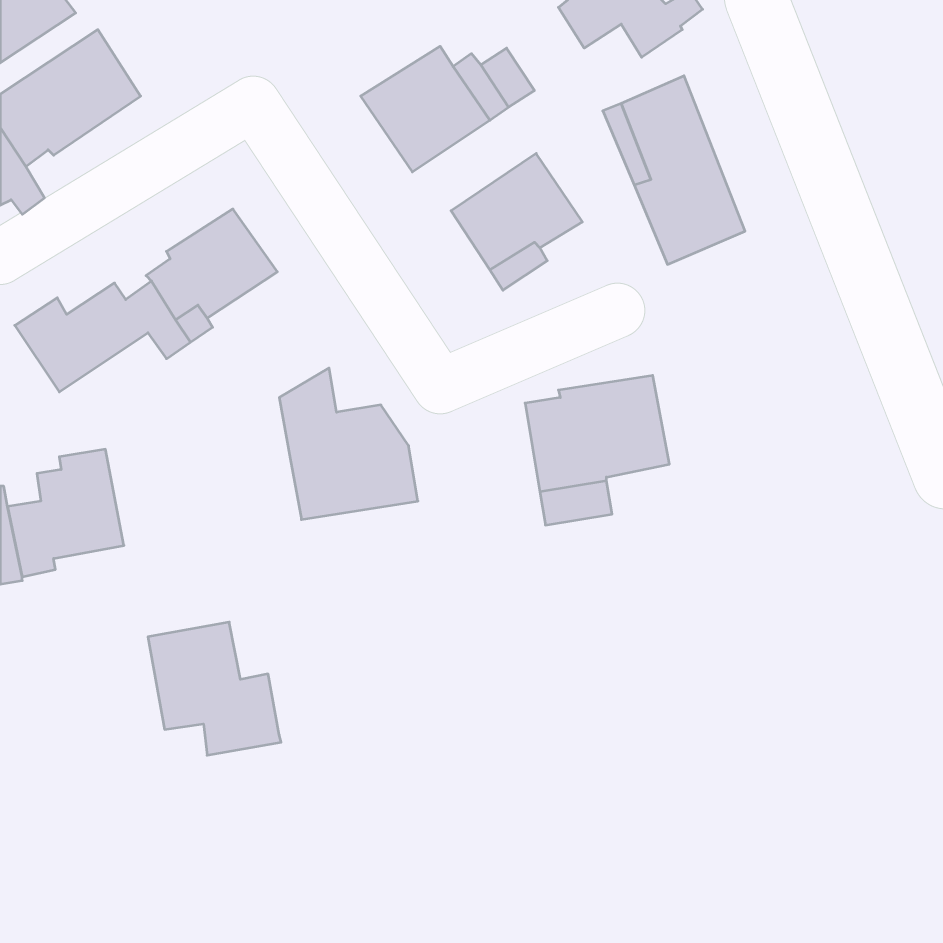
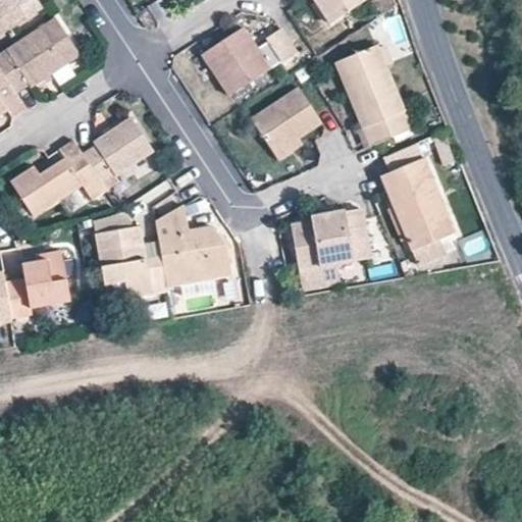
building: none -> [379,156,454,264]
building: [148,622,281,755] -> [95,224,168,298]

